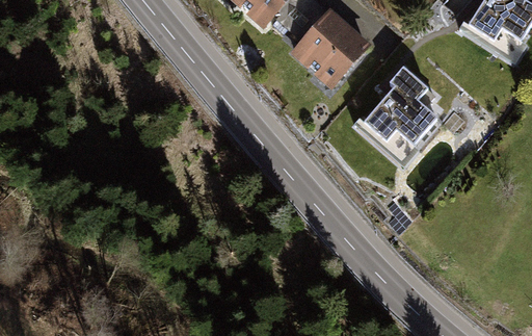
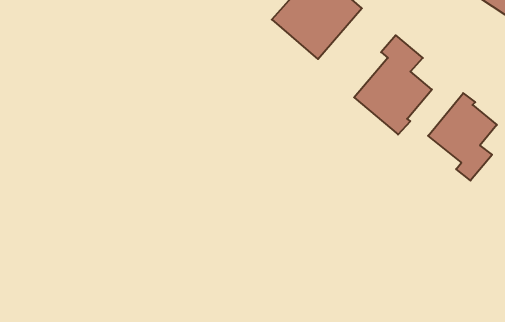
building: none -> [428,93,497,181]

